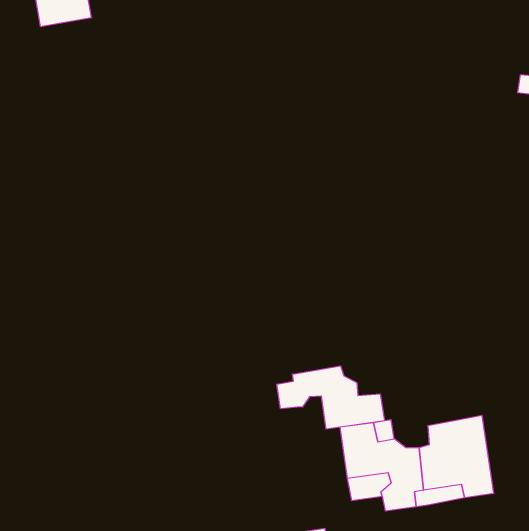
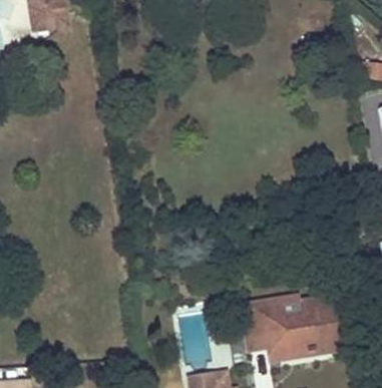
building: [277,366,384,429] -> none

